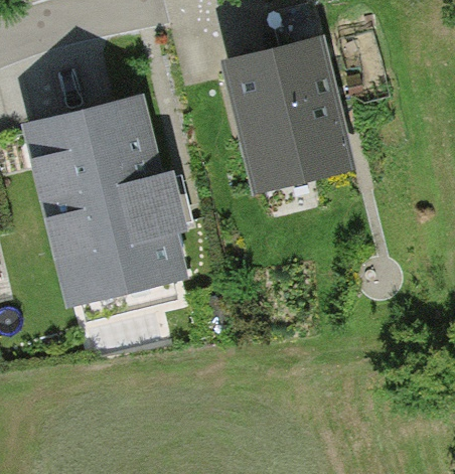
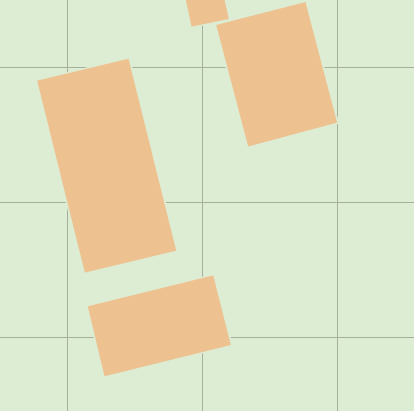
building: none -> [87,275,232,377]

